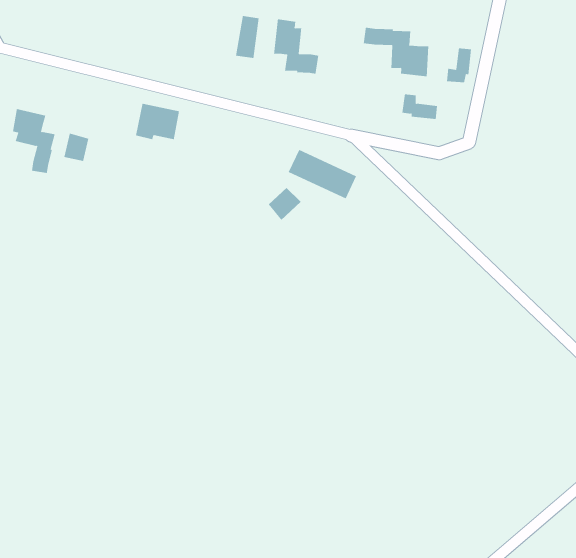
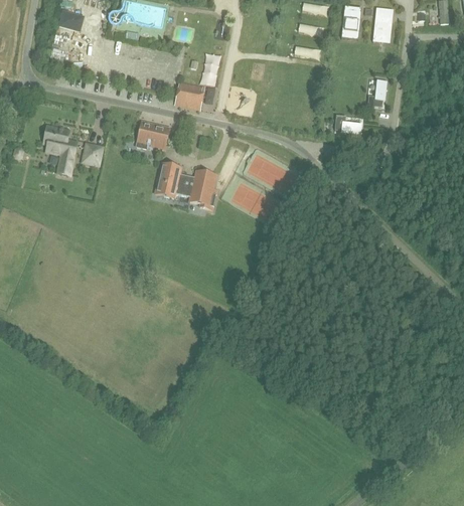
building: [273,19,319,75] -> none
building: [363,27,429,77] -> none
building: none -> [173,81,203,109]
building: none -> [154,162,215,208]

